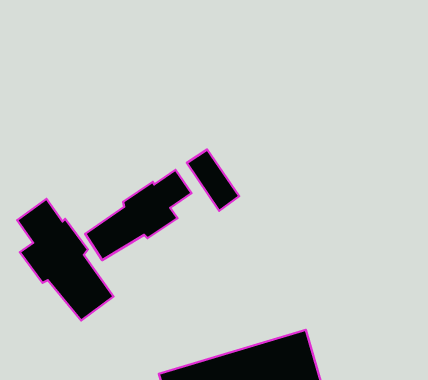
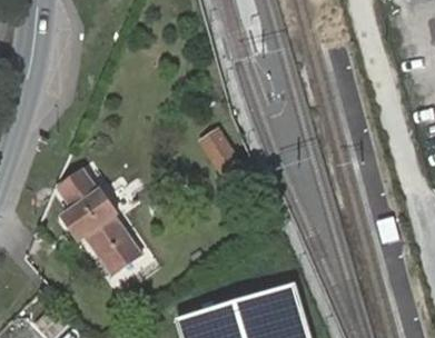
building: [85,170,191,260] -> none

